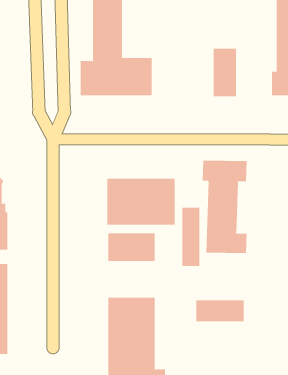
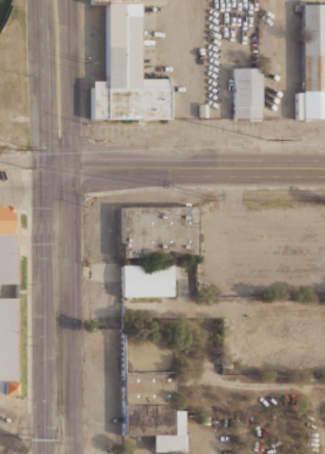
building: [202,160,247,254] -> none
building: [182,207,200,267] -> none
building: [196,300,244,322] -> none

